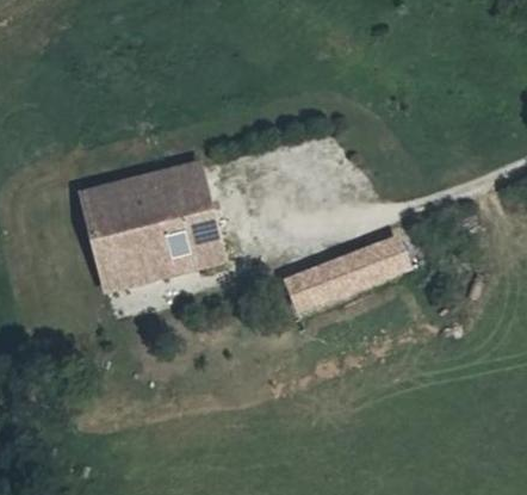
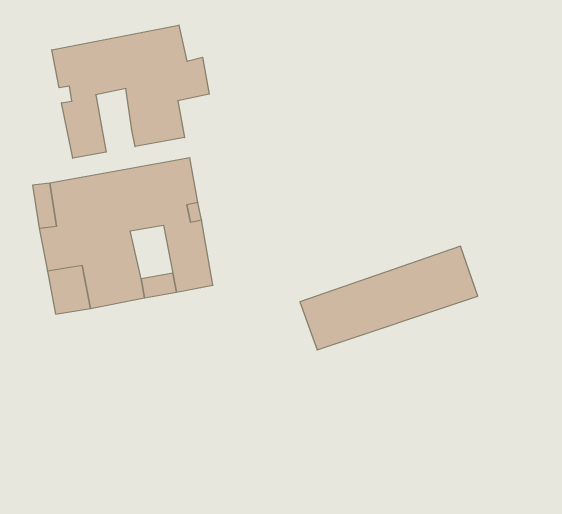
building: none -> [52,25,209,158]

